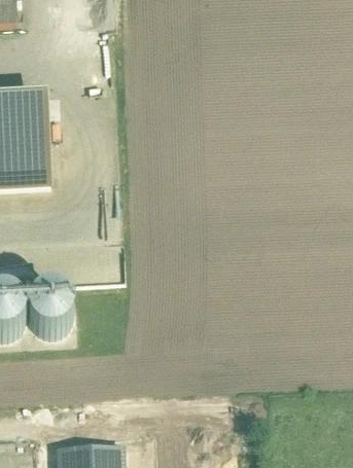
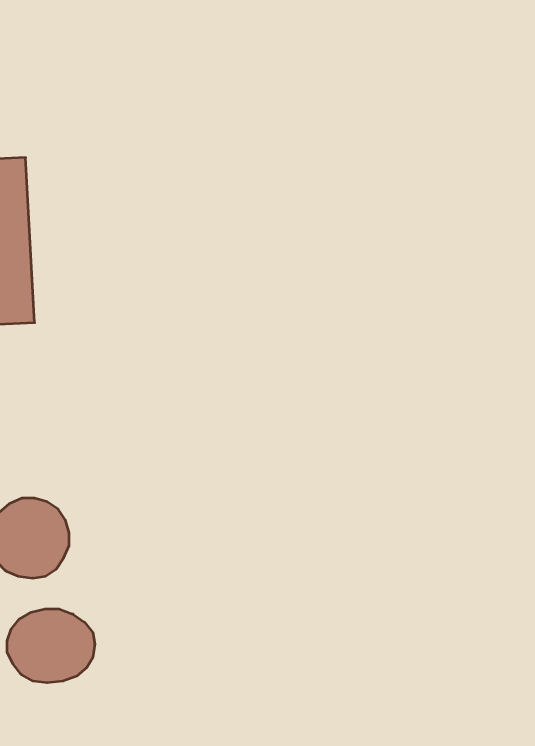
building: none -> [7,609,95,683]

